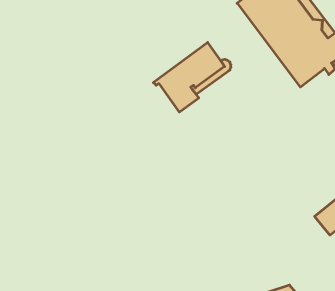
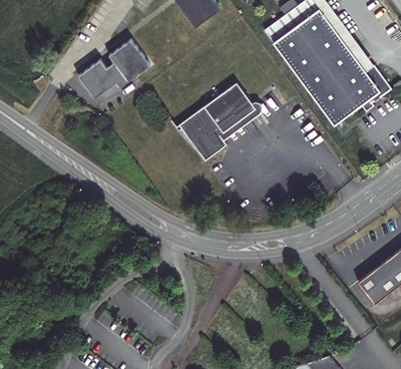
building: none -> [78,40,150,99]

